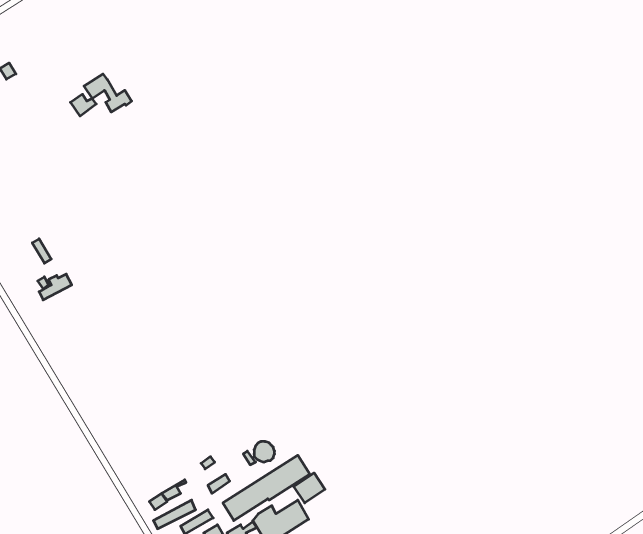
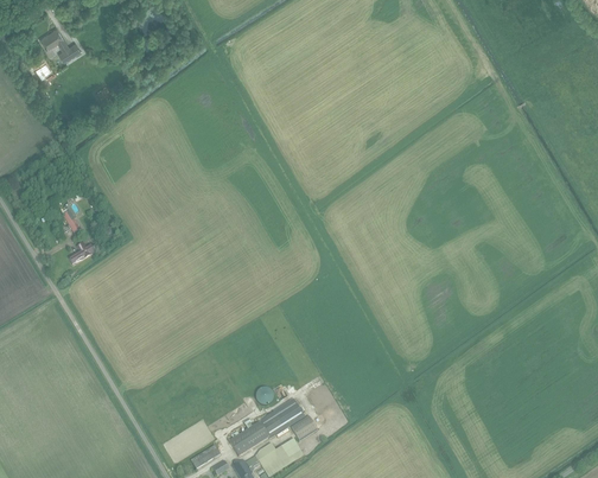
building: [84,74,132,112] -> [39,27,81,60]

